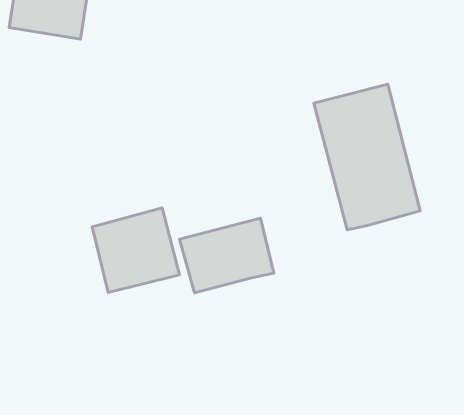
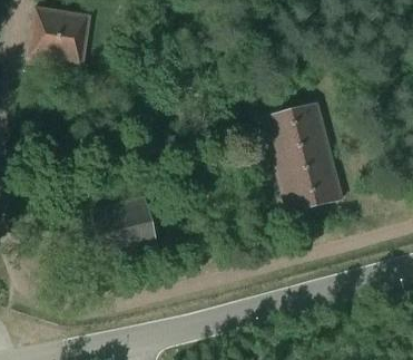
building: [179,218,274,293] -> none

